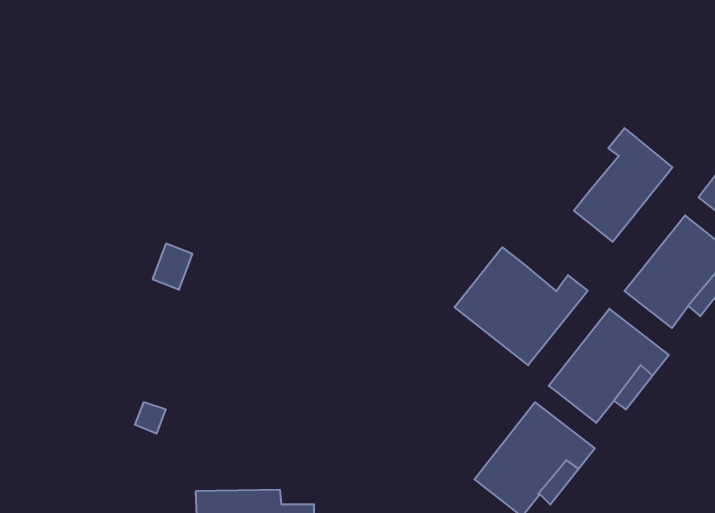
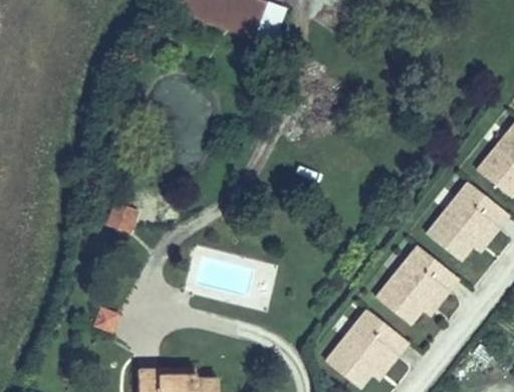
building: [574,128,672,242] -> none
building: [454,247,588,365] -> none

